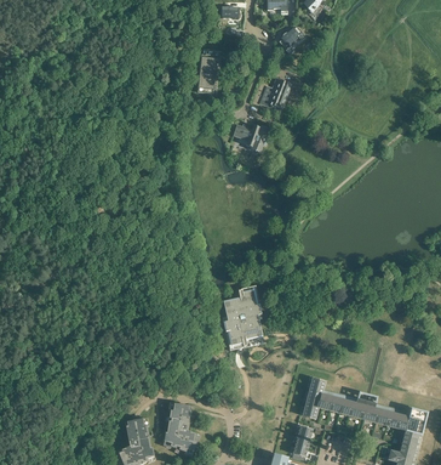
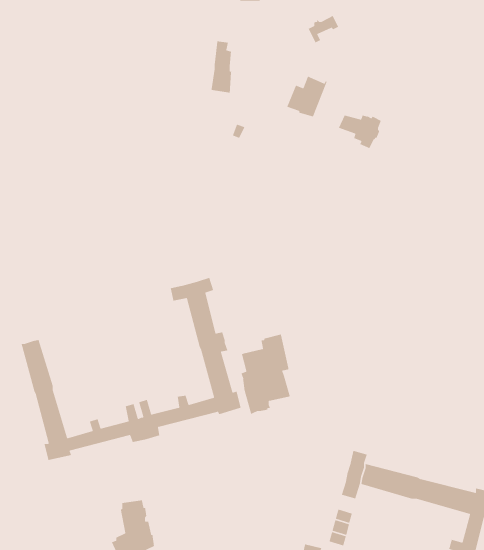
building: [234,124,269,152] -> [338,114,382,149]
building: none -> [21,277,241,461]
building: [164,402,200,452] -> none

